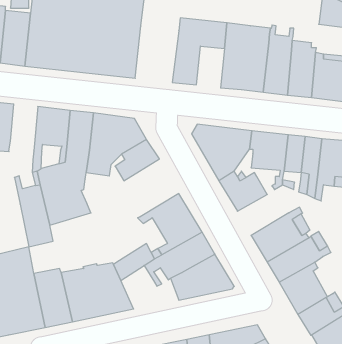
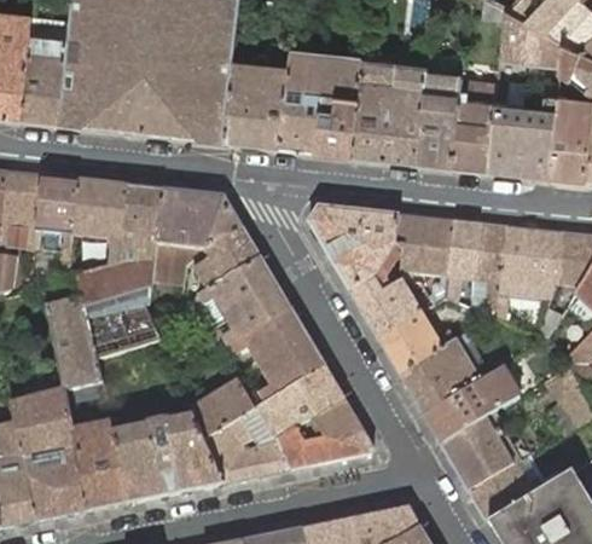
building: none -> [226,39,291,144]
building: none -> [318,89,360,152]
building: none -> [39,176,80,260]
building: none -> [195,259,291,347]
building: none -> [379,312,457,374]
building: none -> [204,418,291,484]

